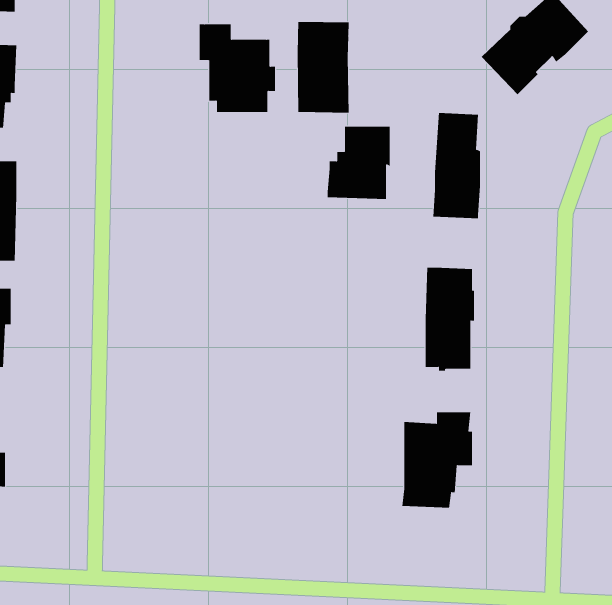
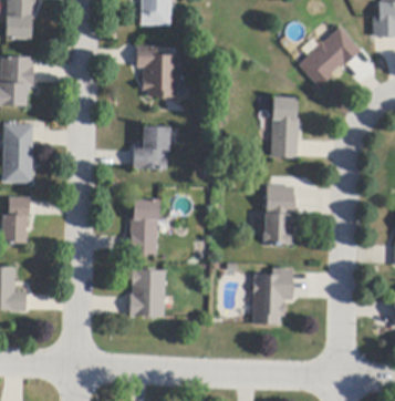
building: [297,21,349,114] -> none
building: [327,126,391,200] -> [133,126,169,168]
building: none -> [131,198,159,254]
building: none -> [131,270,165,316]

